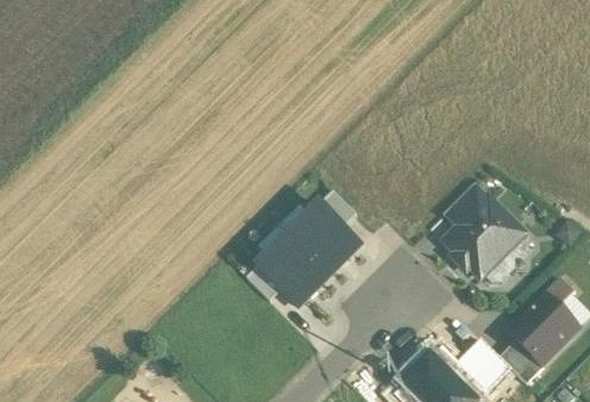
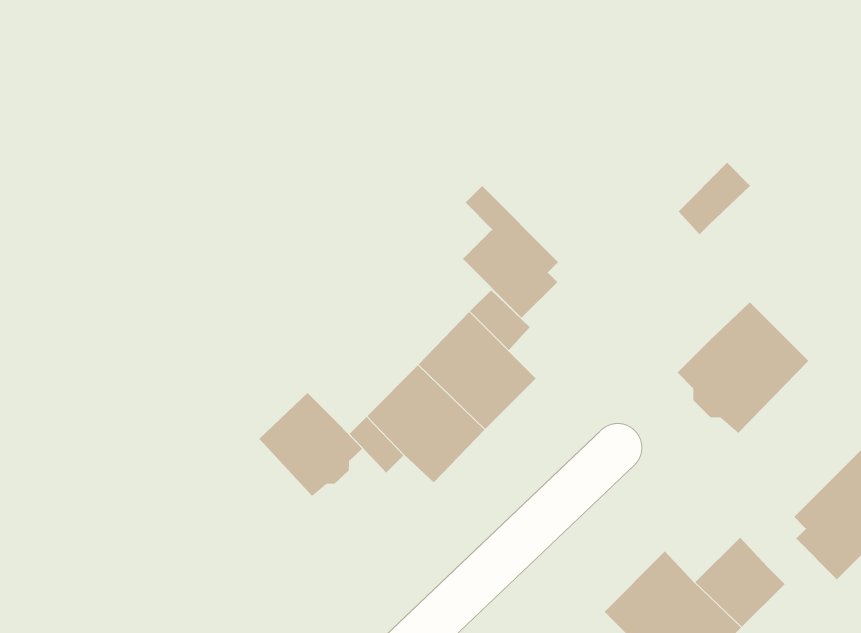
building: none -> [462,185,559,319]
building: [445,183,489,227] -> [678,162,751,235]
building: none -> [258,392,363,497]
building: [500,340,544,384] -> none

